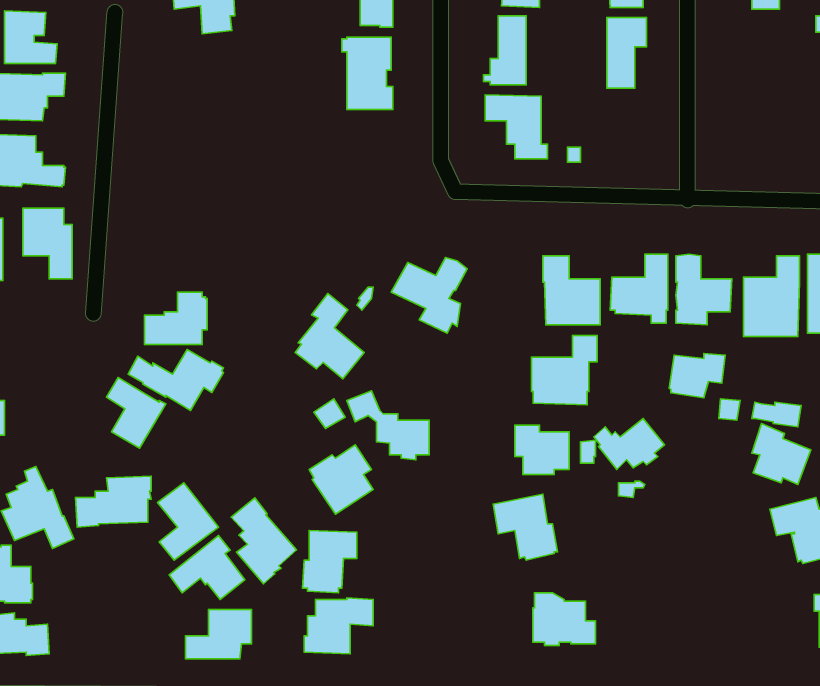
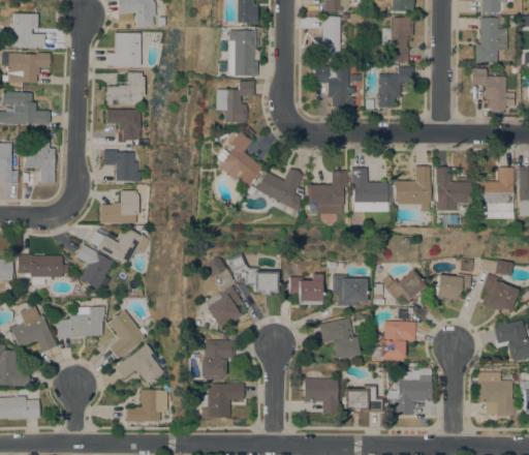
building: none -> [475,18,507,63]
building: none -> [107,33,142,66]
building: none -> [378,67,414,108]
building: none -> [471,68,515,109]
building: none -> [106,72,146,104]
building: none -> [214,81,253,123]
building: none -> [105,110,142,138]
building: none -> [103,150,142,181]
building: [295,293,364,379] -> [218,130,261,184]
building: [531,336,597,405] -> [306,171,347,214]
building: [669,353,725,398] -> [436,274,471,302]
building: none -> [18,254,68,284]
building: none -> [289,274,322,304]
building: [231,498,296,584] -> none
building: none -> [374,321,415,360]
building: none -> [388,368,432,416]
building: none -> [477,373,515,413]
building: none -> [304,378,339,414]

